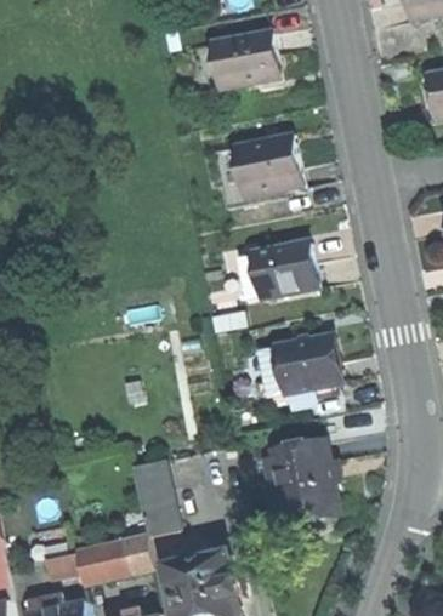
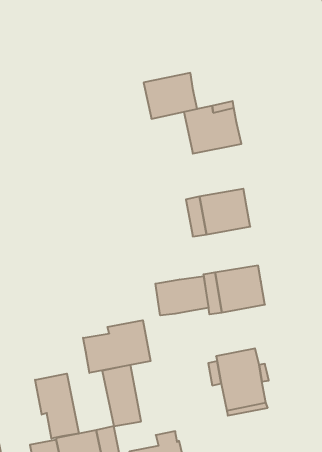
building: [212,32,279,89] -> [144,73,197,119]
building: none -> [155,276,208,315]
building: none -> [83,320,151,373]
building: none -> [35,374,79,439]

